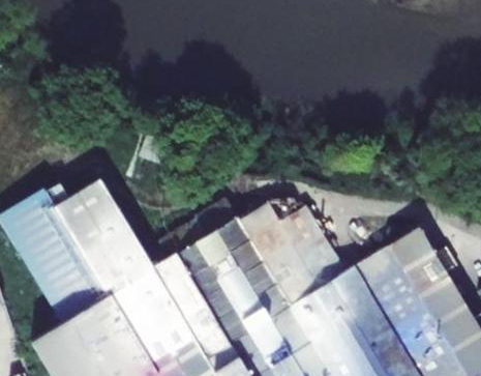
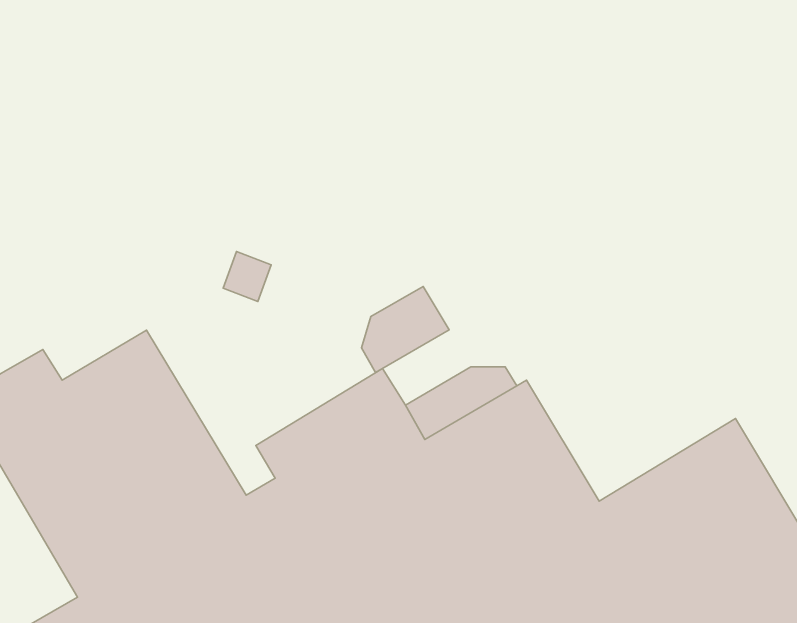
building: none -> [361,286,449,373]

